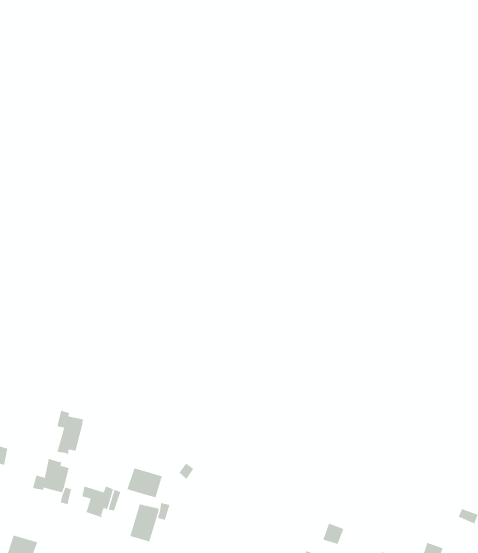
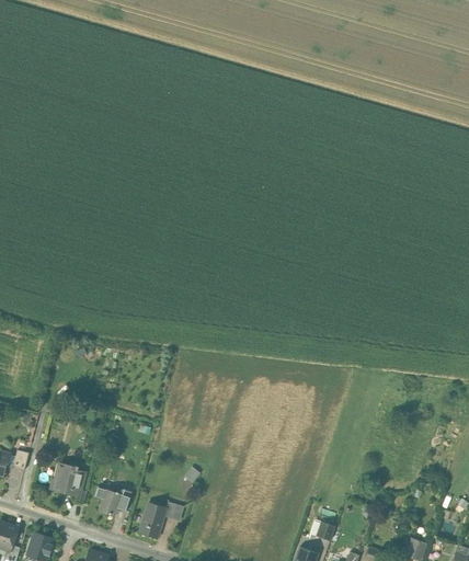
building: [56,410,84,455] -> none
building: [127,467,162,498] -> none

